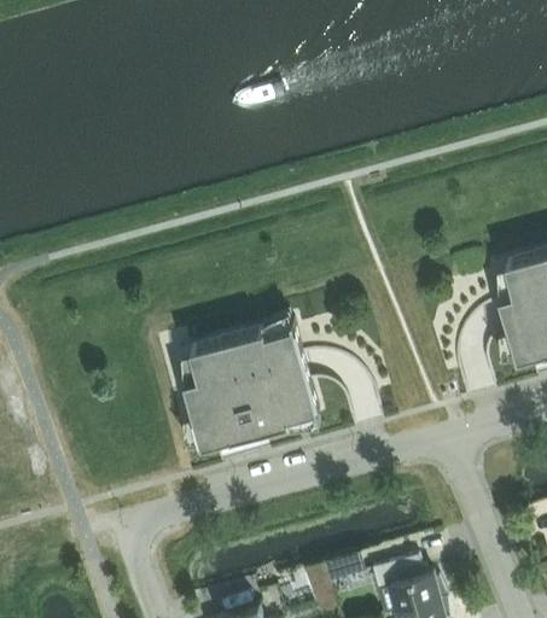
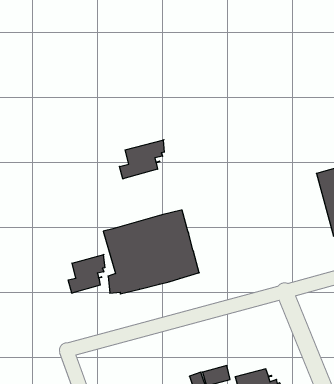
building: none -> [119,140,164,179]
building: none -> [68,255,105,293]

